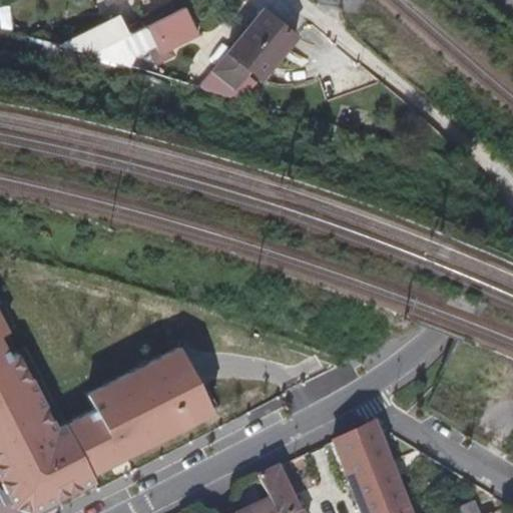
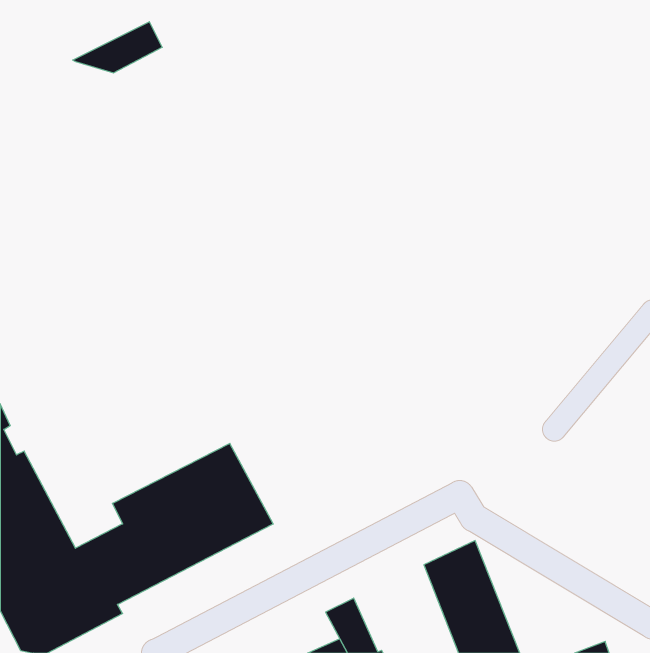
building: [91,9,197,69] -> none
building: [211,11,295,91] -> none

